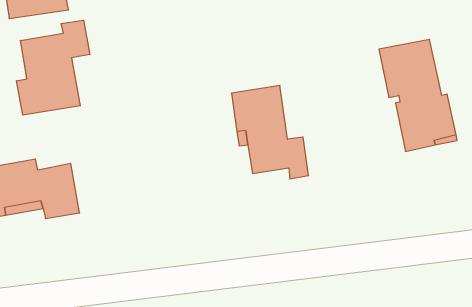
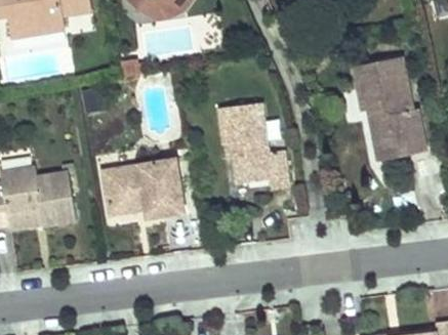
building: [17,20,90,115] -> none
building: none -> [103,157,184,218]

